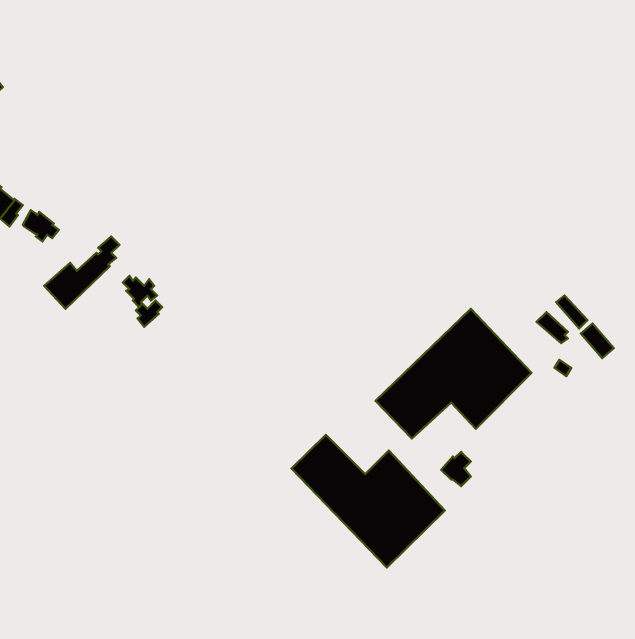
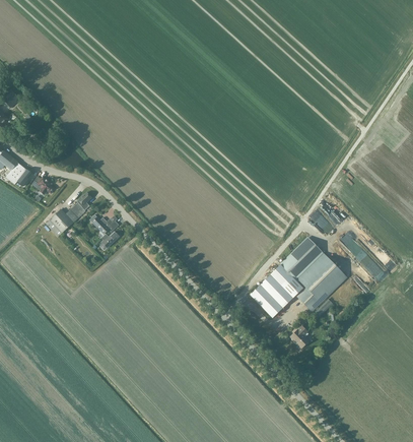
building: [291,435,445,568] -> none

